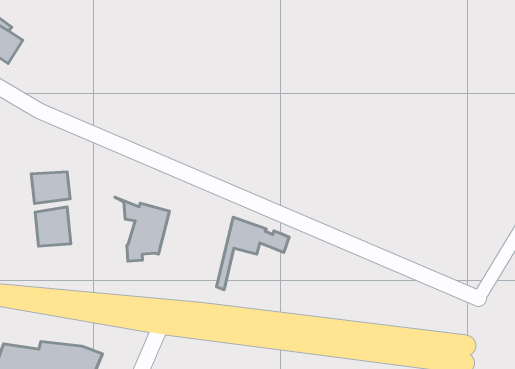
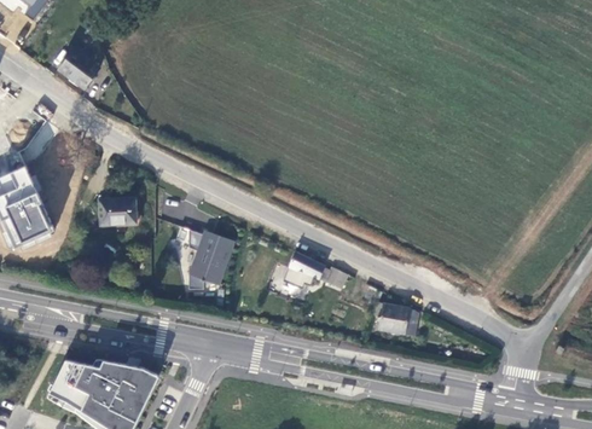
building: [35,207,71,246] -> none
building: none -> [368,302,418,335]

